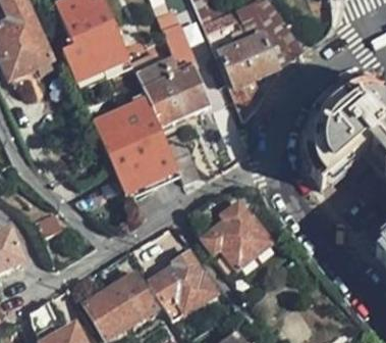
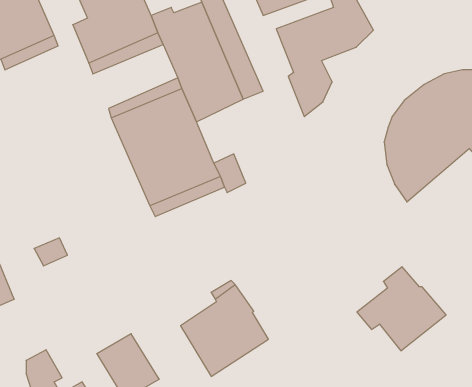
building: [202,203,270,267] -> [357,267,446,351]
building: [110,272,157,323] -> none

